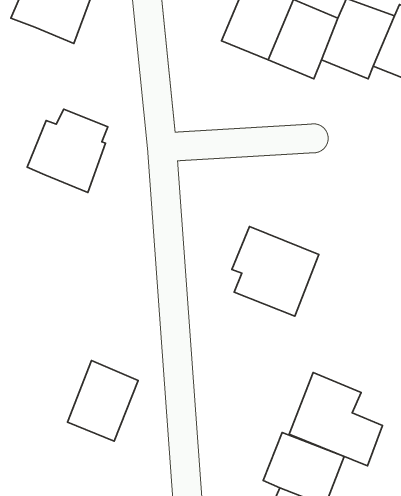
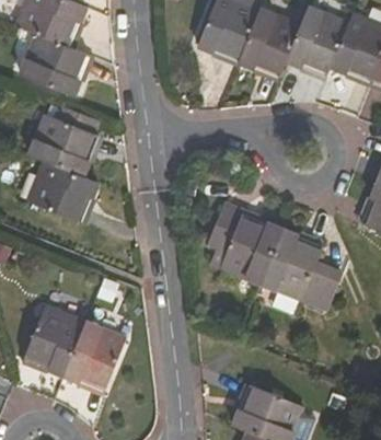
building: none -> [19,33,89,96]
building: none -> [27,161,96,222]
building: none -> [23,305,84,375]
building: [289,372,383,466] -> [261,230,342,311]

